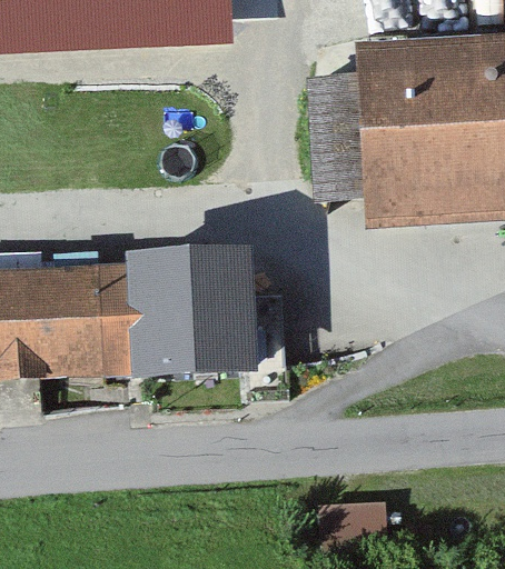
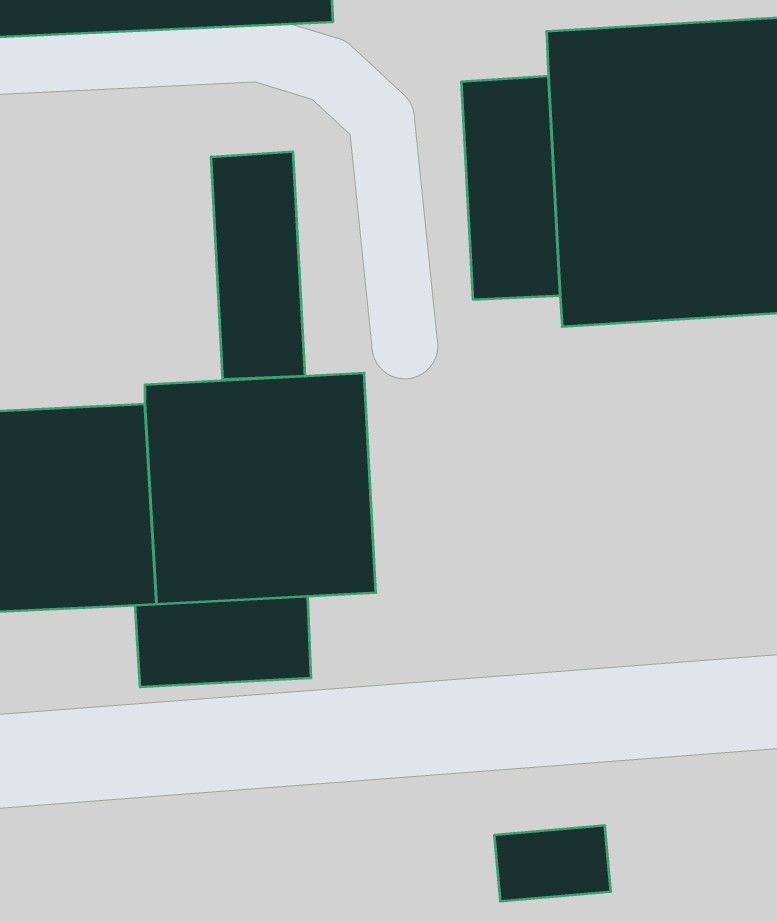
building: none -> [211,152,305,379]
building: none -> [135,596,311,687]

